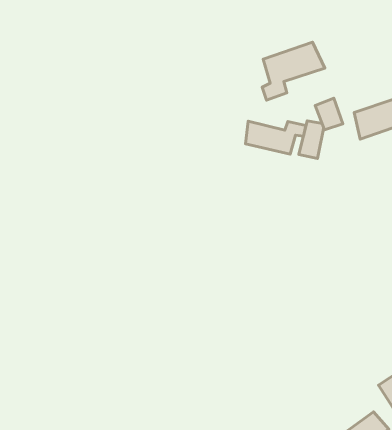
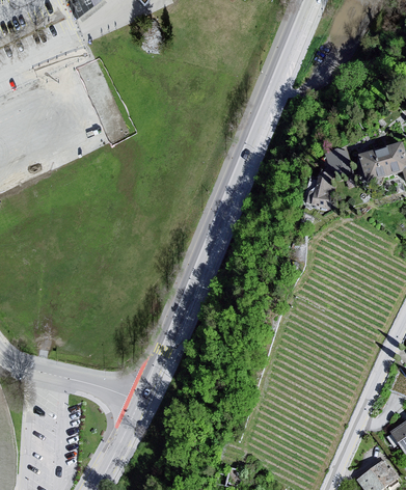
building: [262,42,325,100] -> none
building: [246,121,306,154] -> none

